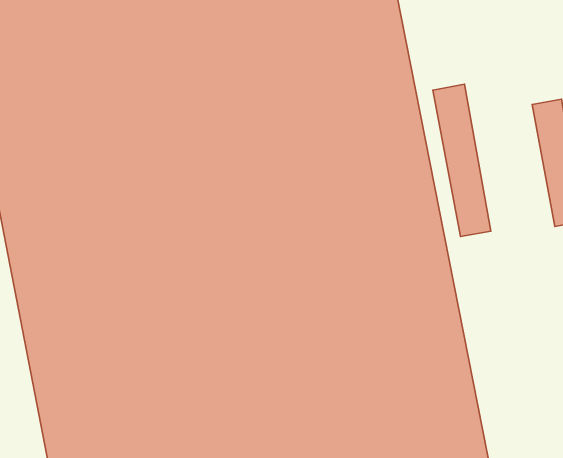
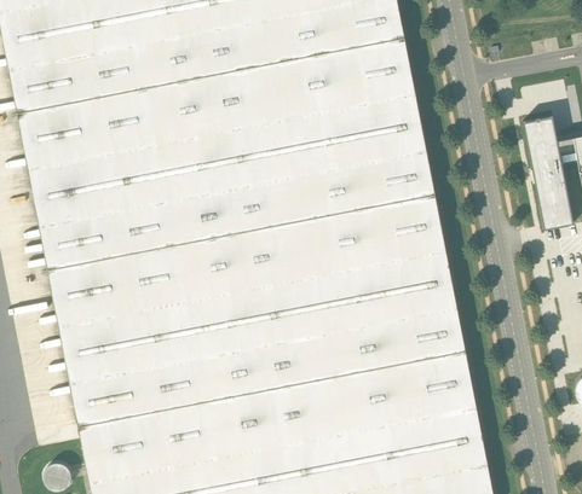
building: [433,84,491,236] -> none

